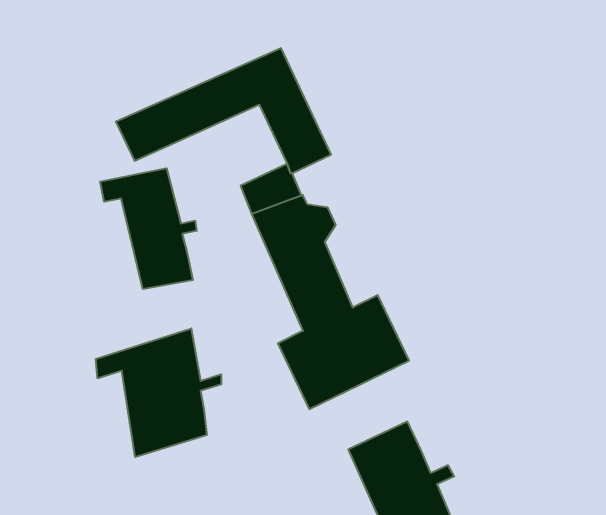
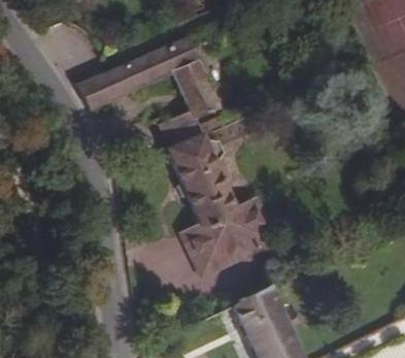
building: [100,168,197,289] -> none
building: [96,328,221,457] -> none

